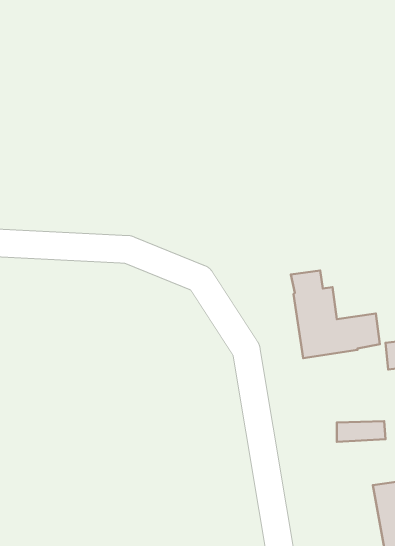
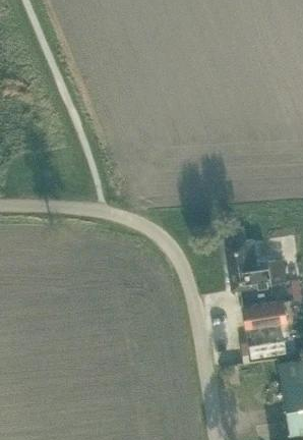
building: none -> [243,304,287,332]

